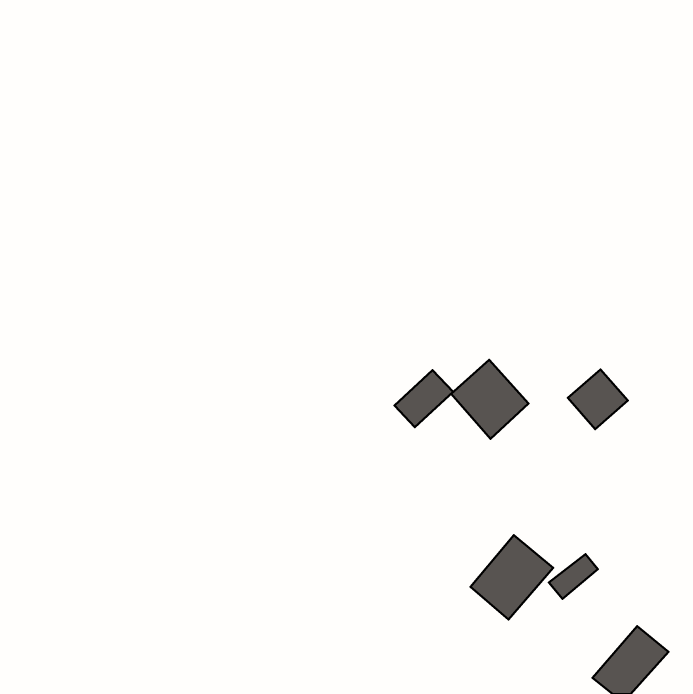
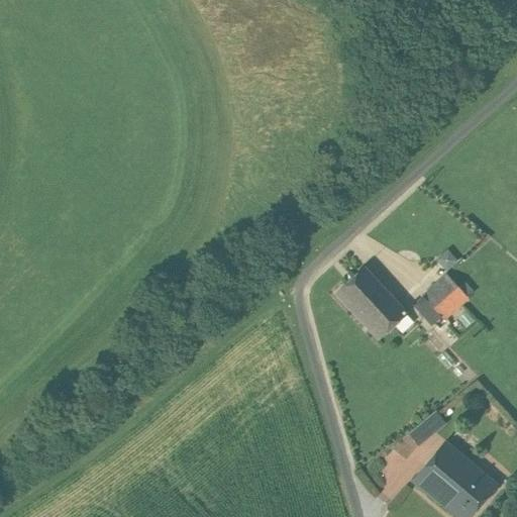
building: [395,370,453,427] -> [366,300,409,342]
building: [470,535,553,619] -> [413,441,475,504]

